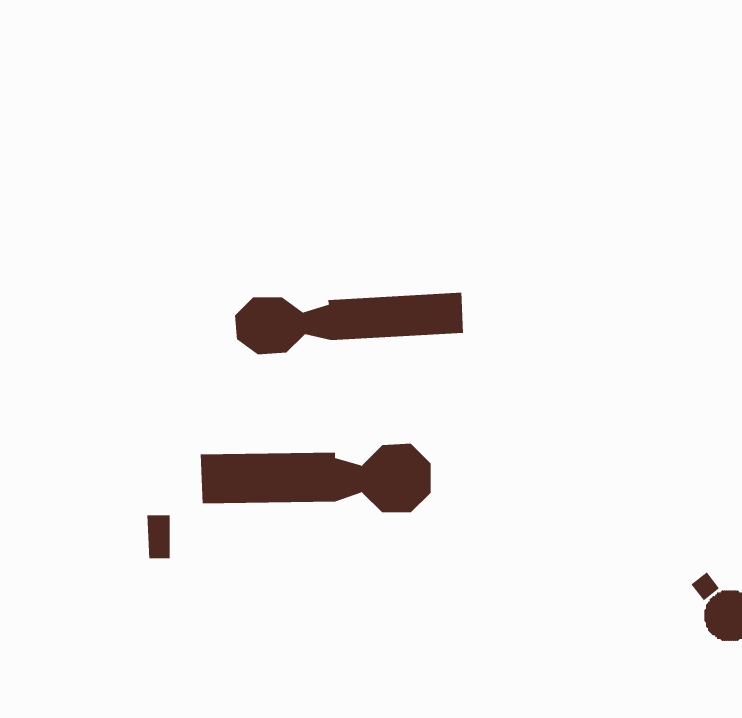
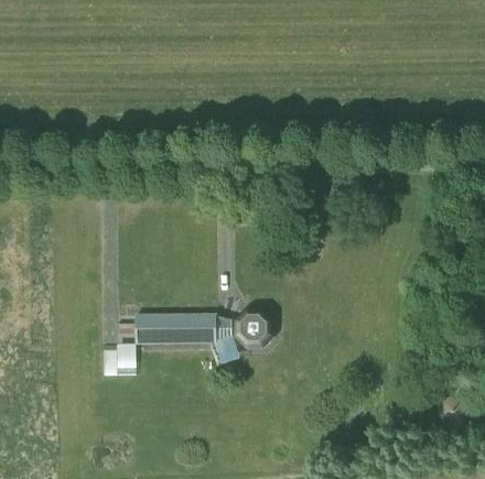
building: [234,292,463,355] -> none

